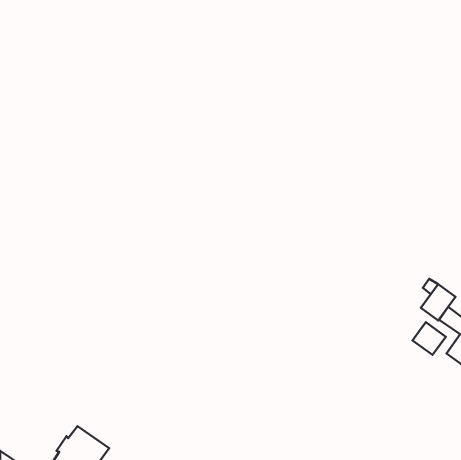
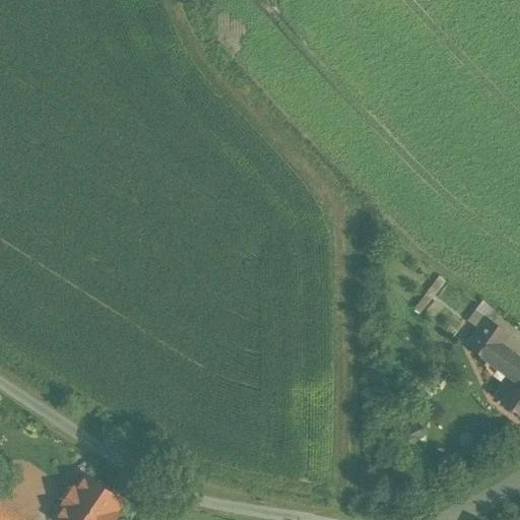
building: [413,322,446,355] -> none

